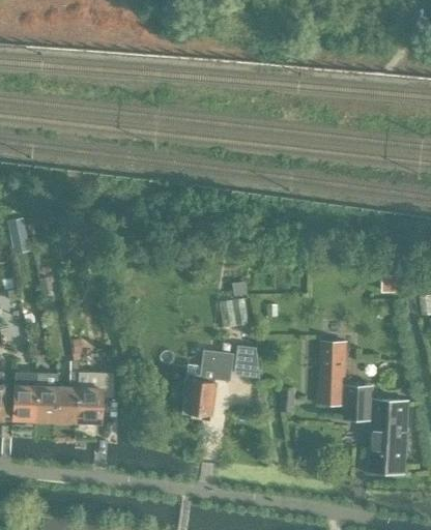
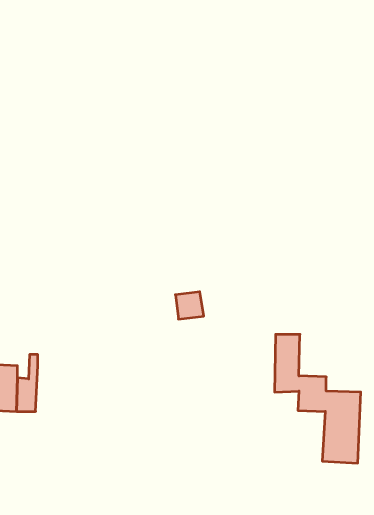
building: [235,346,259,377] -> none
building: [180,350,233,420] -> none
building: [77,375,114,425] -> none

